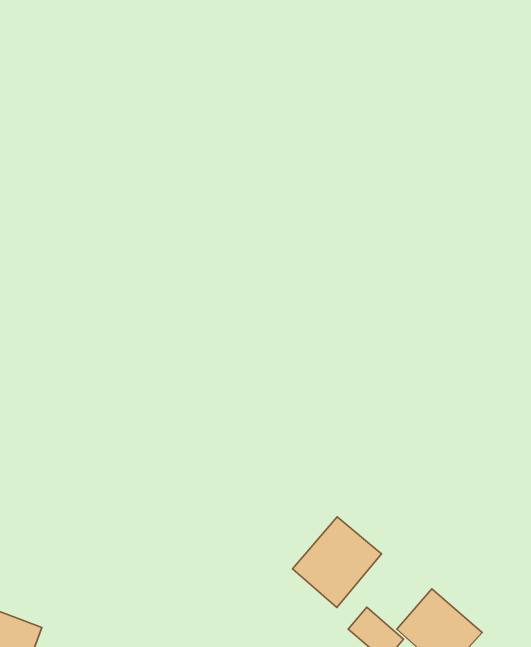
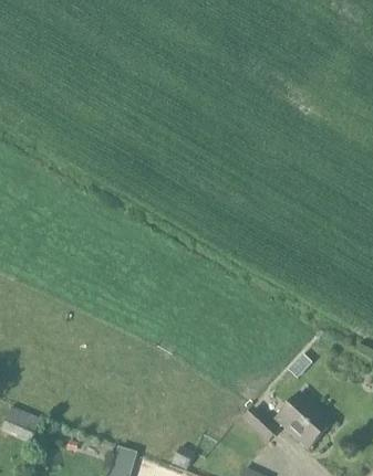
building: [292,517,382,607] -> none

